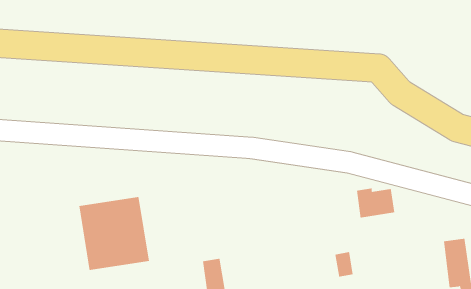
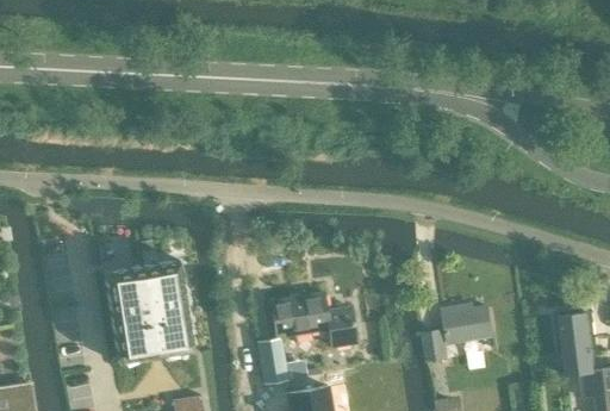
building: [356,188,395,218] -> [444,306,493,344]
building: none -> [270,293,357,347]

